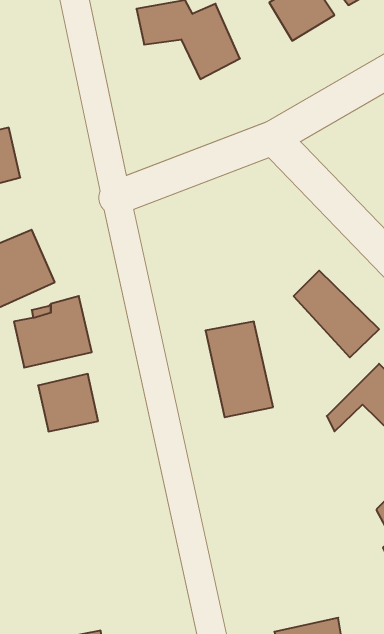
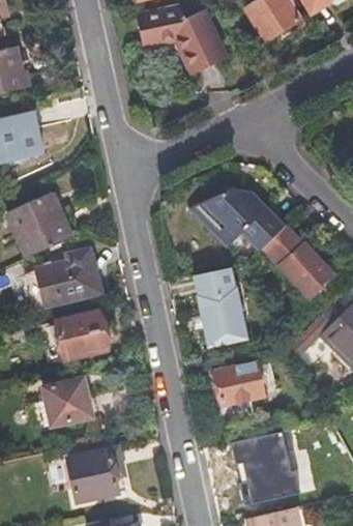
building: none -> [193,189,286,253]
building: none -> [215,363,262,420]
building: none -> [43,377,91,427]
building: none -> [242,446,286,506]
building: none -> [67,449,123,501]

